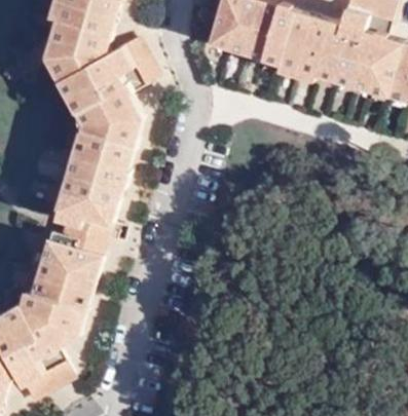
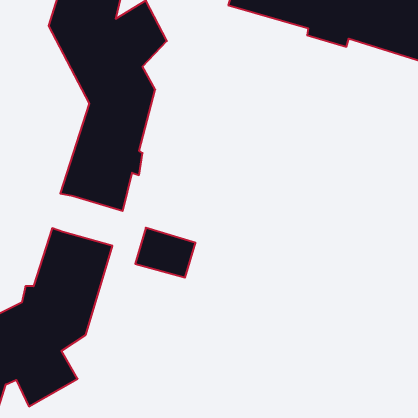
building: [58,212,111,256] -> [135,228,196,278]

